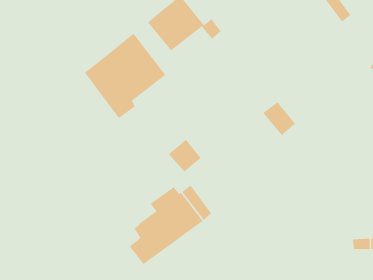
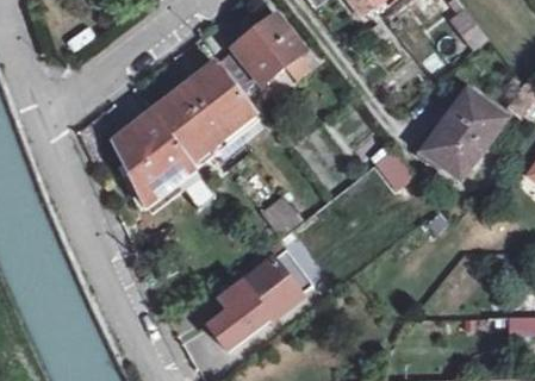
building: none -> [427,93,504,175]
building: none -> [111,112,195,205]

